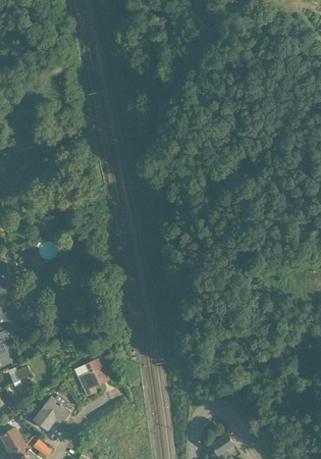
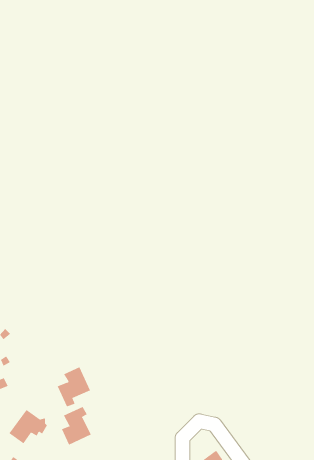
building: none -> [61,406,91,446]

